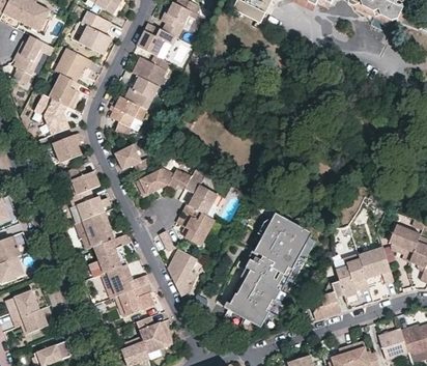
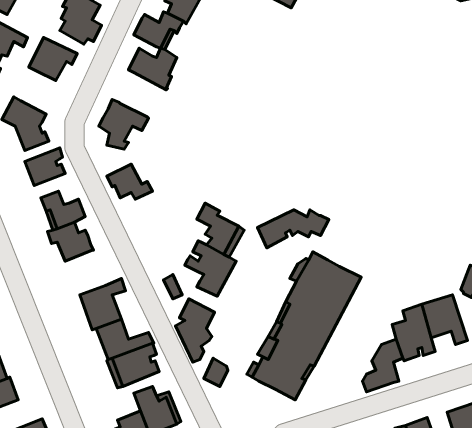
building: [49,74,79,107] -> none
building: [124,75,161,109] -> none
building: [136,168,191,197] -> [257,210,329,248]
building: [83,212,114,249] -> none

